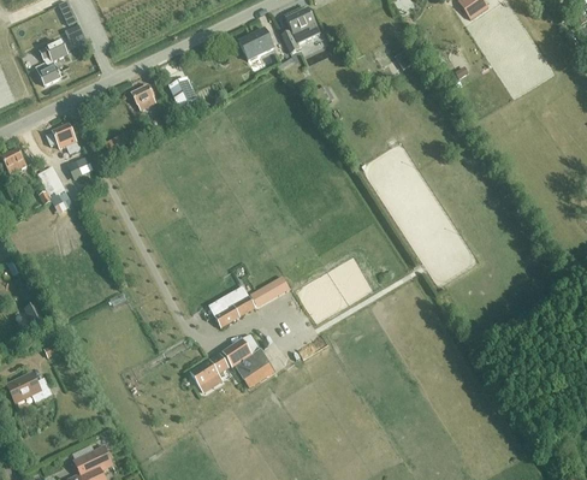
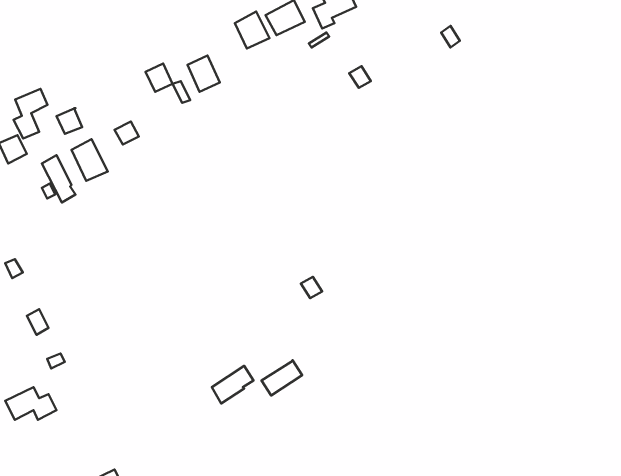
building: none -> [235,12,269,48]
building: [37,40,67,84] -> [14,89,47,139]
building: [208,285,255,327] -> none
building: [223,333,261,367] -> none

